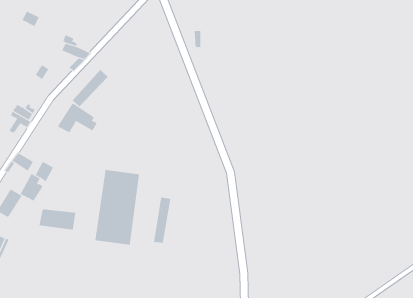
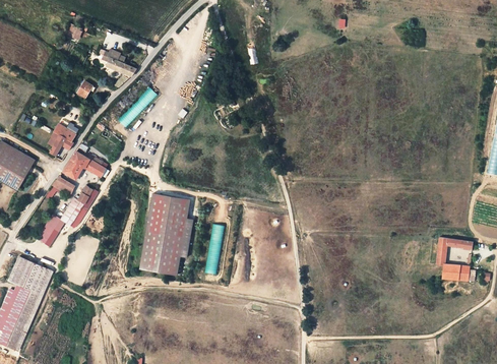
building: [57,103,97,133] -> [61,146,105,179]
building: [39,208,76,230] -> none
building: none -> [435,237,475,282]

